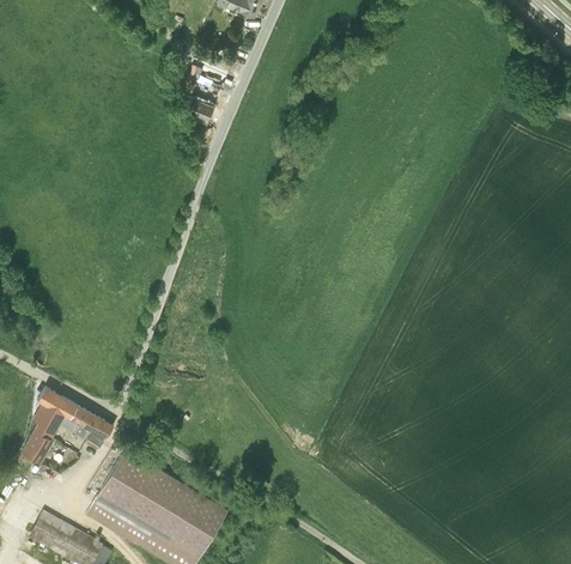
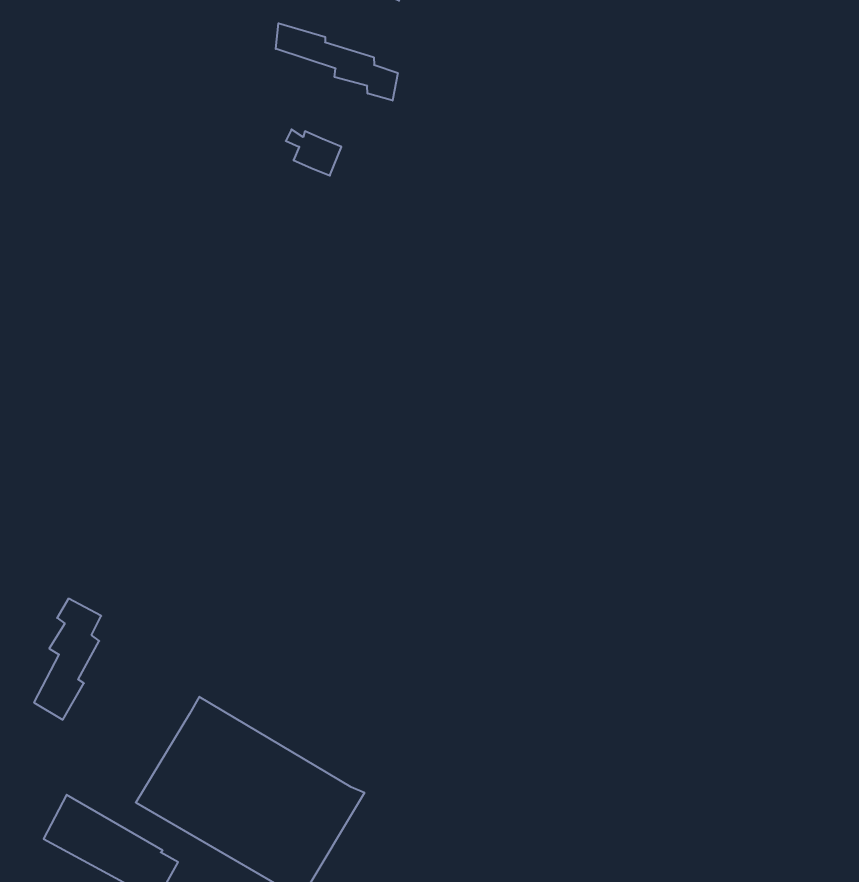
building: none -> [276,23,398,101]
building: [50,396,114,447] -> none

